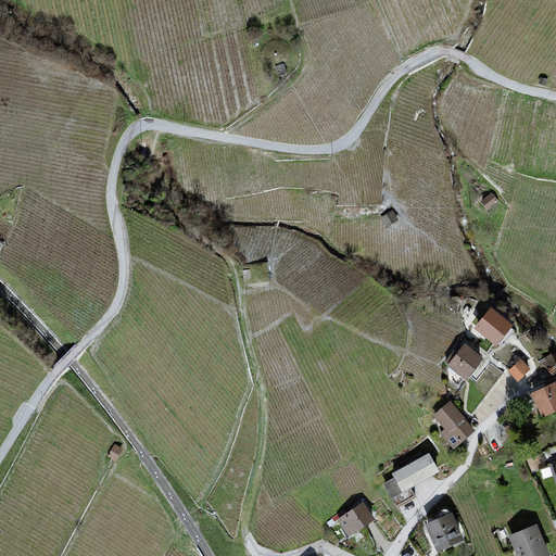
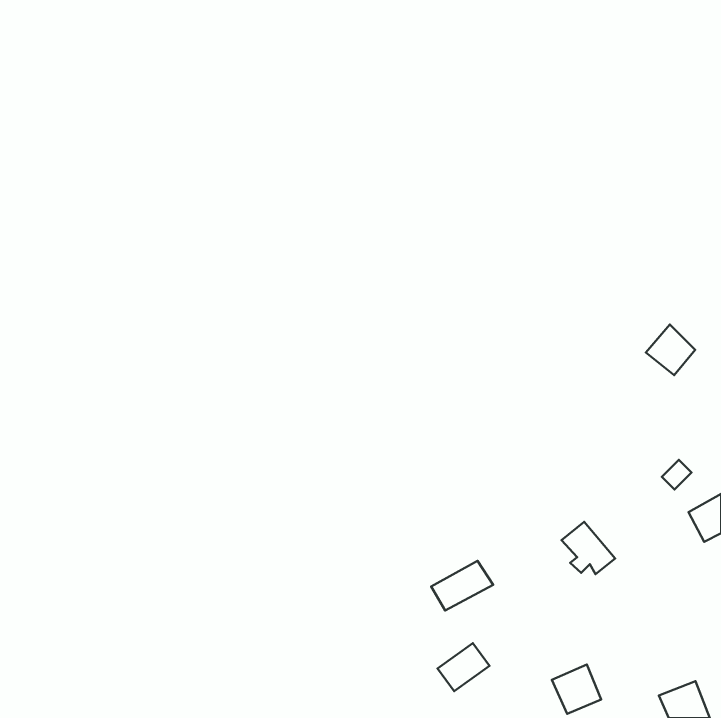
building: [472,307,510,346] -> [646,324,695,375]
building: [446,344,483,380] -> none
building: [391,453,439,491] -> [431,561,493,610]

